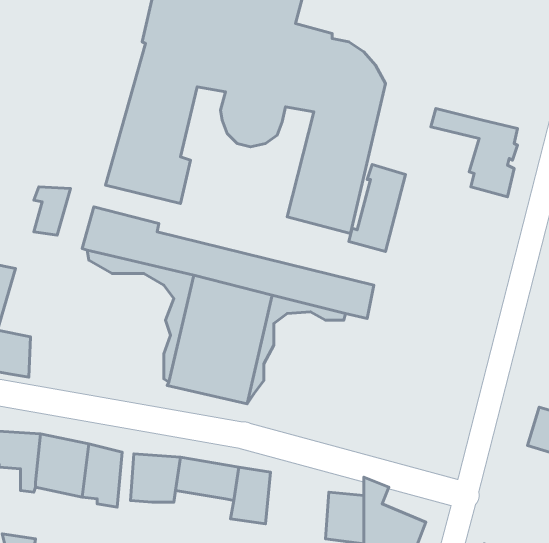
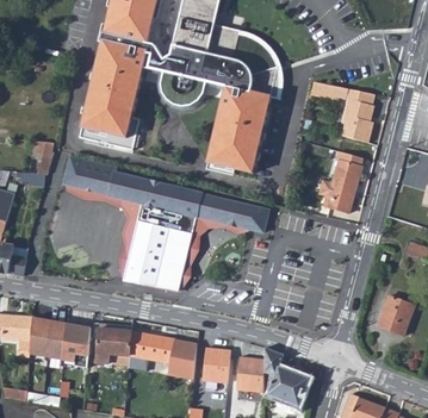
building: [349,165,405,251] -> [318,154,359,216]
building: none -> [201,348,229,382]

